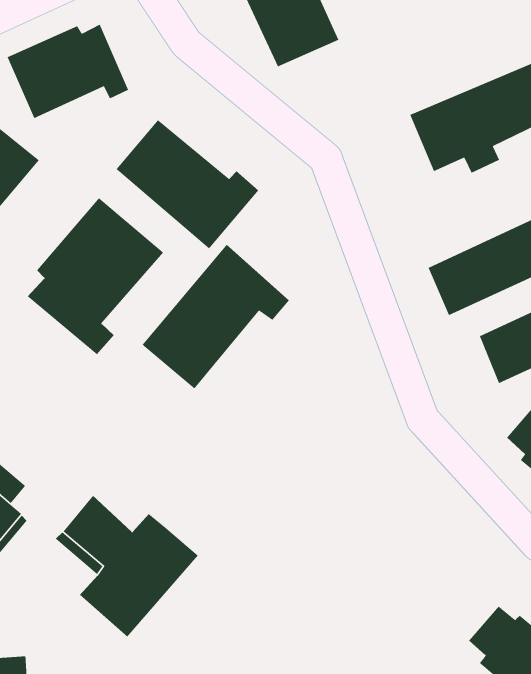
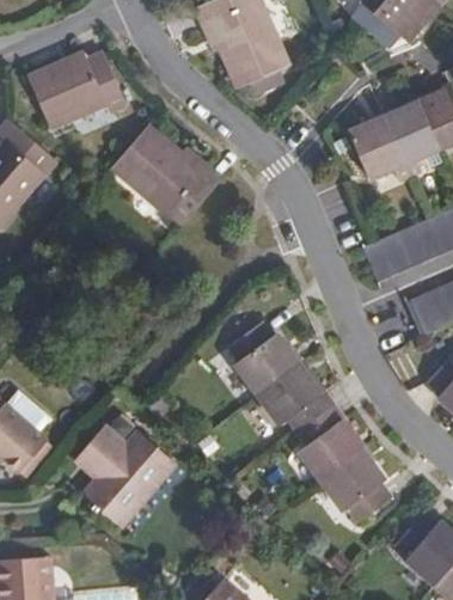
building: [27,197,164,355] -> none
building: [142,244,290,390] -> none
building: none -> [239,314,385,512]

